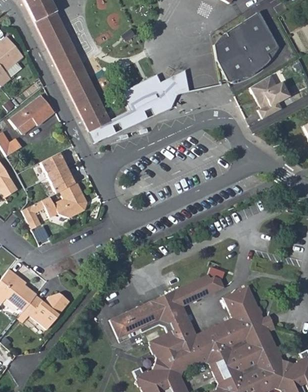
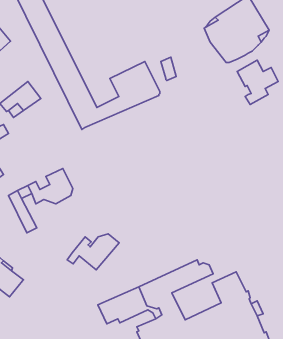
building: [40,151,78,193] -> none
building: [18,292,70,328] -> [67,234,119,270]

